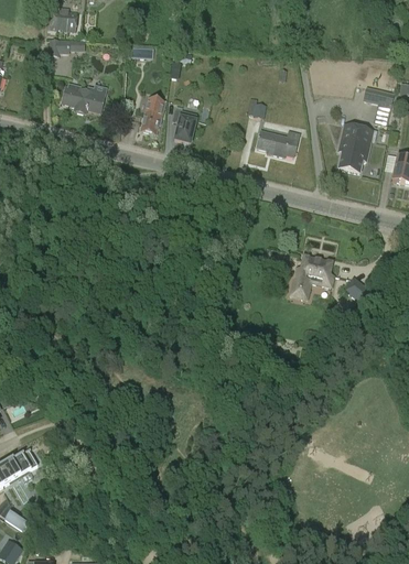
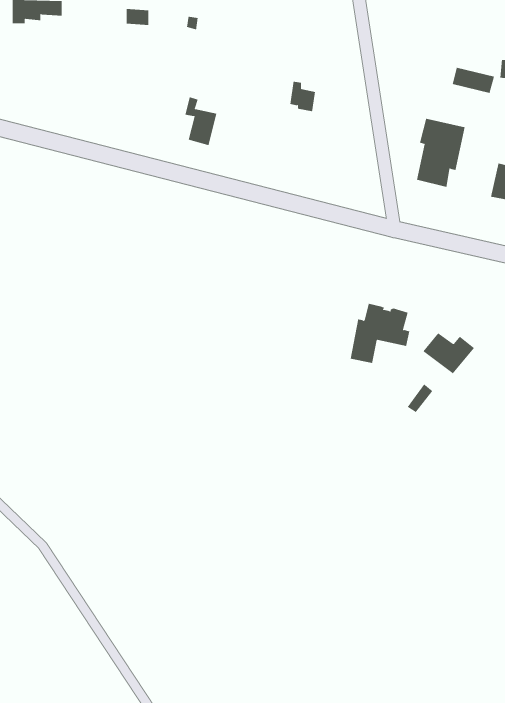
building: [62,83,106,112] -> none
building: [140,91,165,133] -> none
building: [256,130,299,156] -> none

